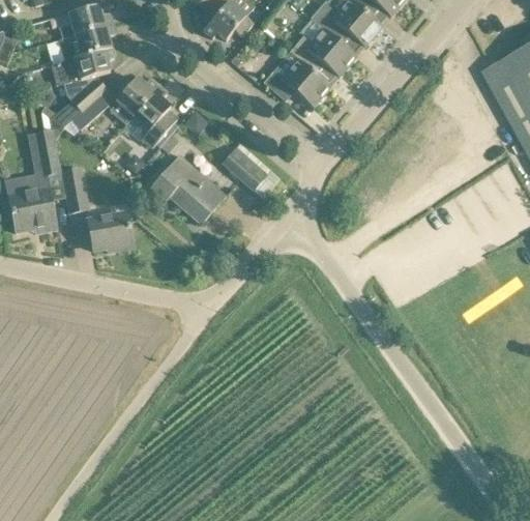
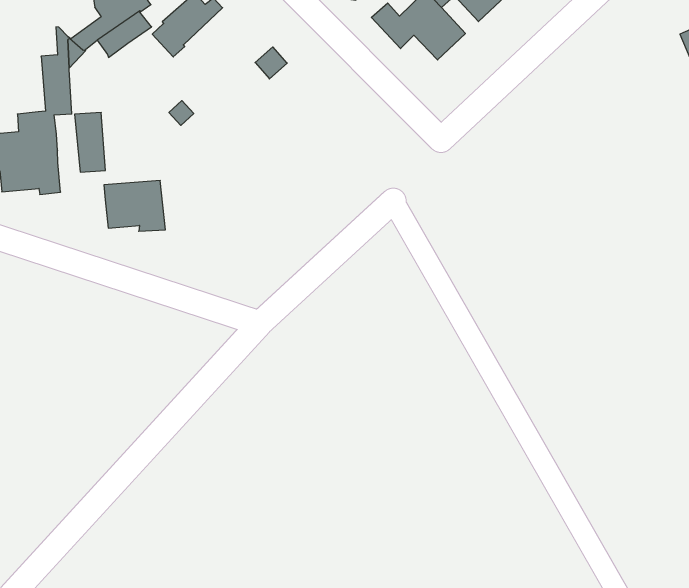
building: [132,85,177,146] -> none
building: [223,146,267,189] -> none
building: [145,153,227,223] -> none

